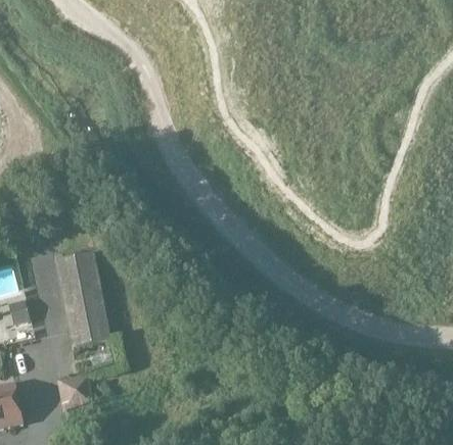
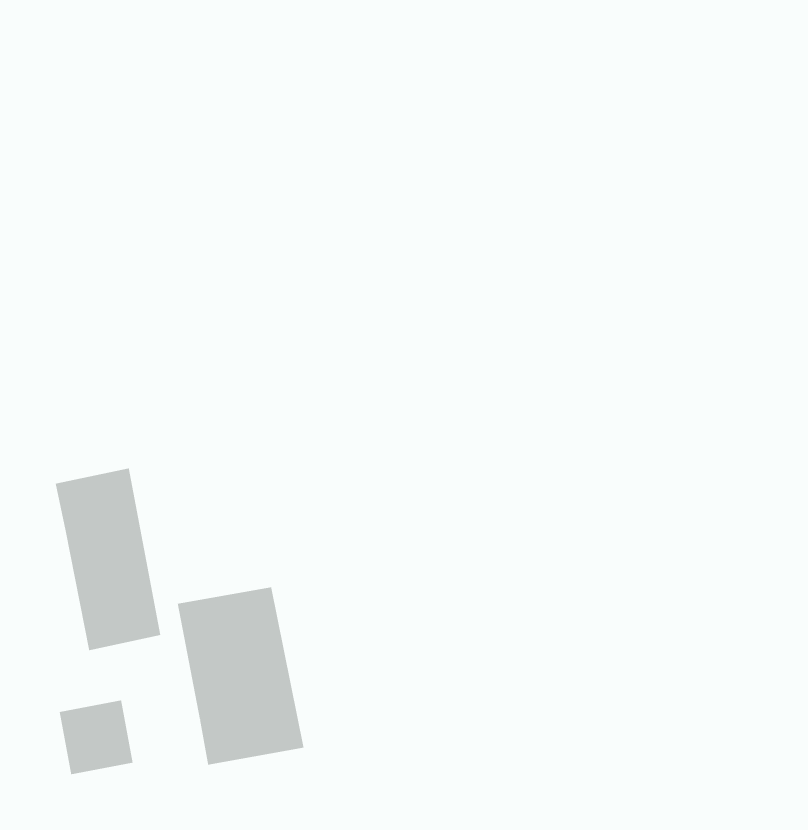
building: none -> [177,587,304,765]

